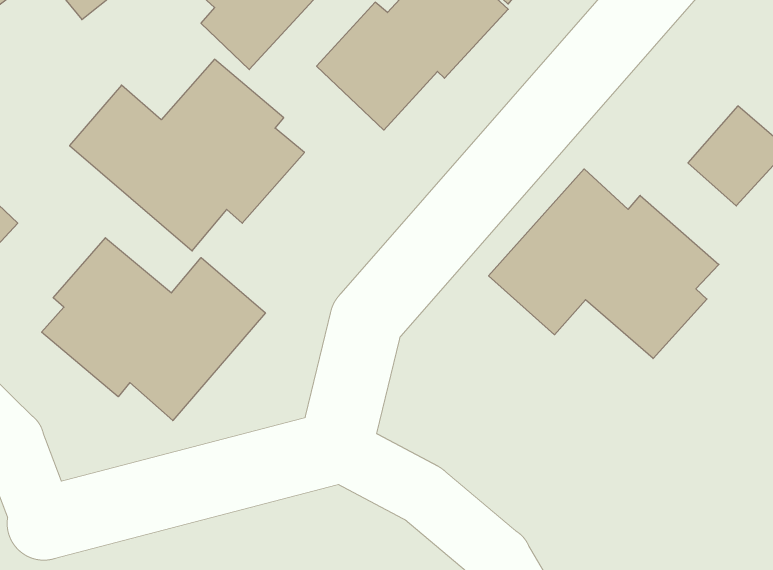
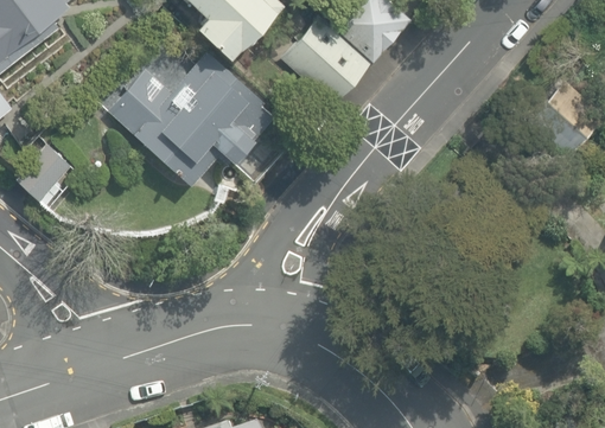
building: [489,169,719,359] -> none
building: [42,238,265,421] -> none

